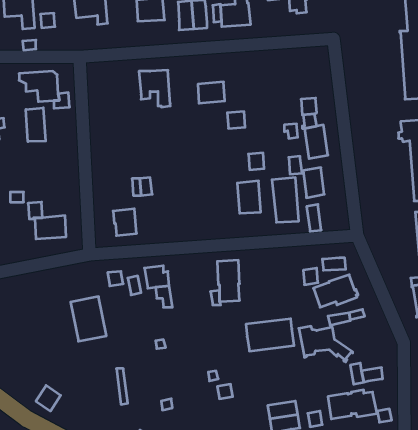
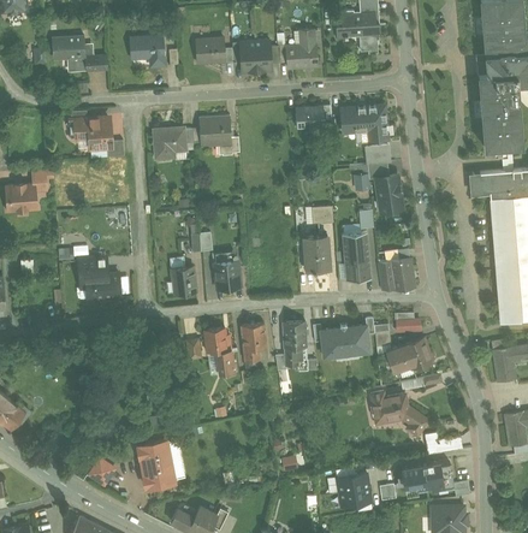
building: none -> [340,106,387,141]
building: none -> [154,129,185,159]
building: [198,82,225,103] -> [296,107,325,130]
building: [26,108,46,142] -> none
building: [302,168,324,198] -> [390,257,414,290]
building: none -> [214,260,241,290]
building: none -> [242,322,267,367]
building: [71,297,106,341] -> [137,438,176,486]
building: [246,319,294,351] -> [320,322,372,357]

